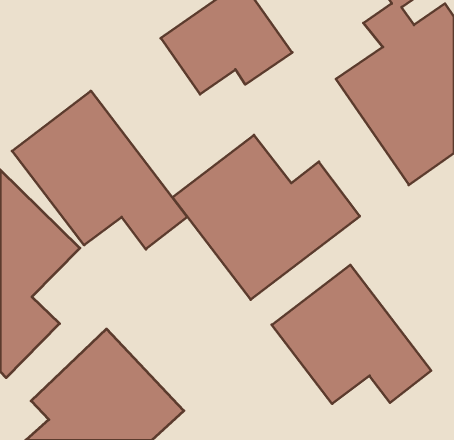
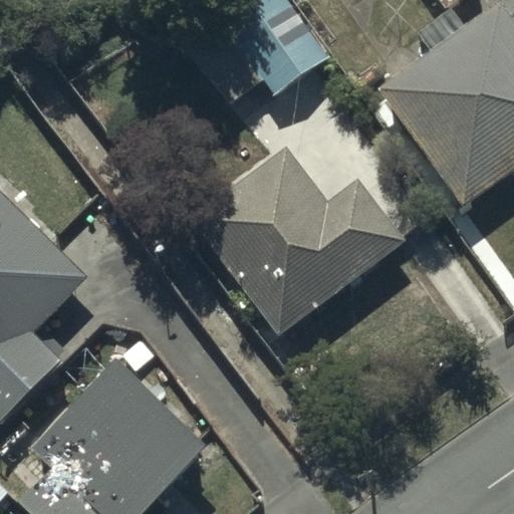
building: [12,91,187,249] -> none
building: [272,265,431,404] -> none

